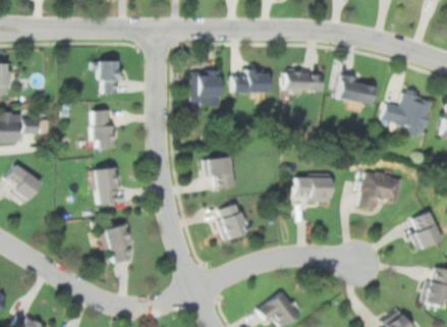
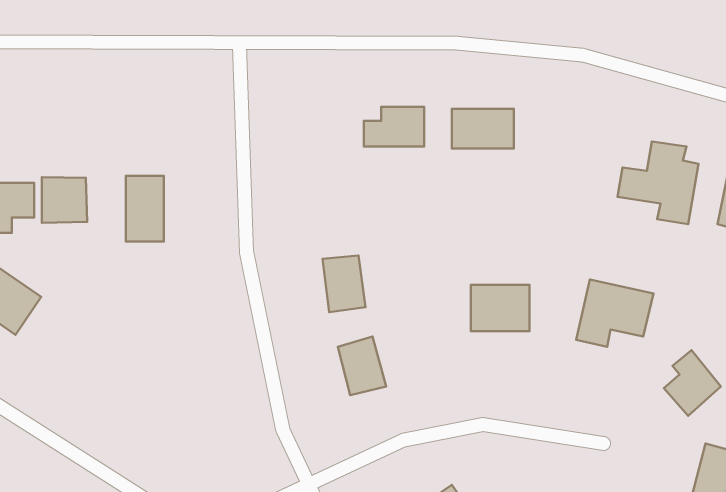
building: [98,61,118,94] -> none
building: [190,71,220,106] -> none
building: [337,74,374,105] -> none
building: none -> [42,177,87,223]
building: [93,167,121,205] -> none
building: [102,224,135,264] -> none

